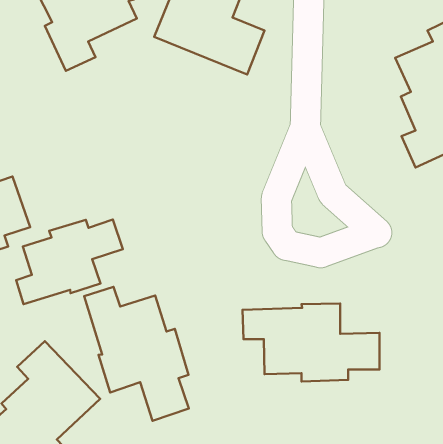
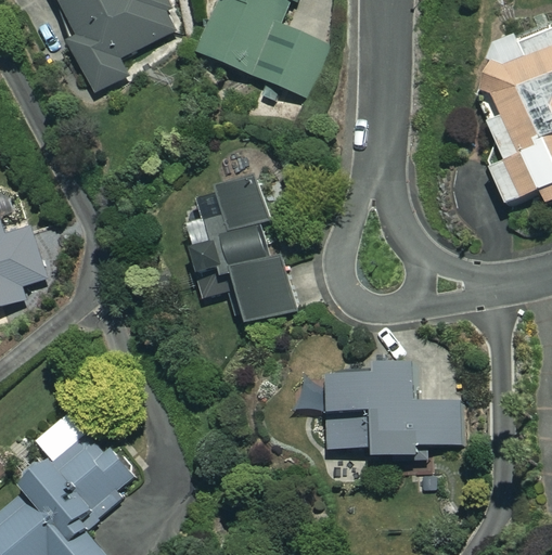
building: none -> [185,178,295,322]
building: [16,220,123,304] -> none
building: [84,287,189,421] -> none

